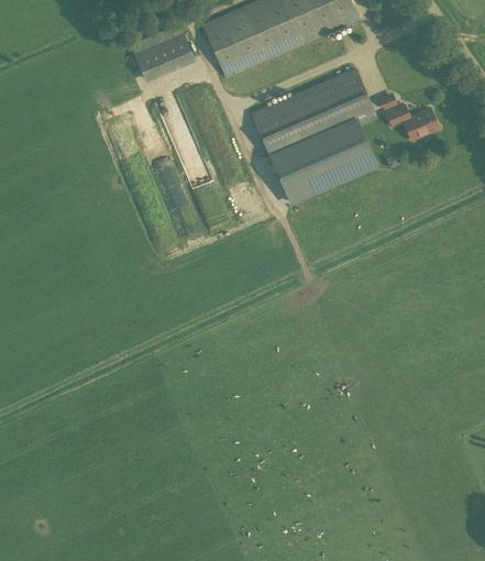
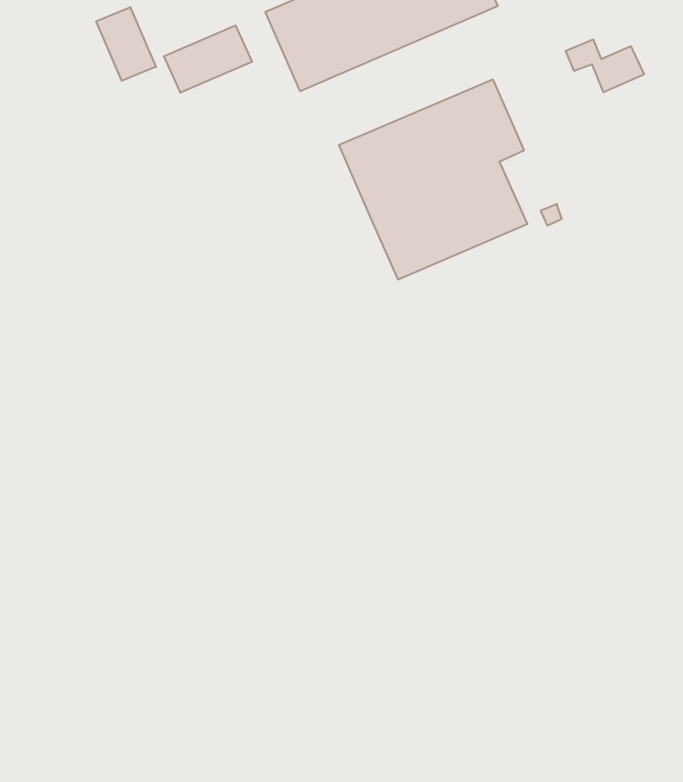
building: none -> [96,7,156,81]
building: [386,105,439,140] -> [566,40,644,92]

